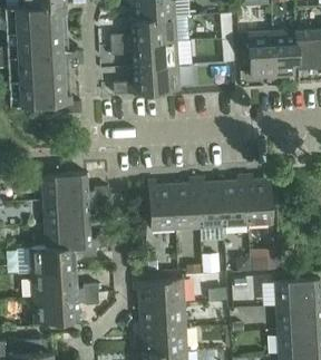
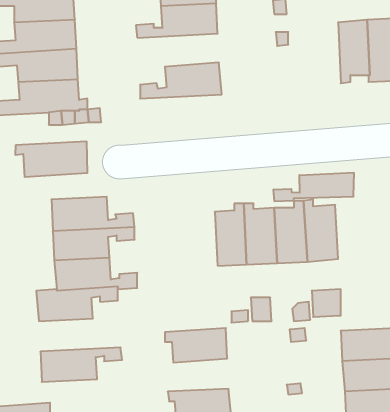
building: [247,31,275,80] -> none
building: [111,40,177,67] -> none
building: none -> [16,141,87,177]
building: none -> [274,173,354,201]
building: [148,179,176,230] -> none
building: [32,270,98,296] -> none
building: [136,302,185,329] -> none

